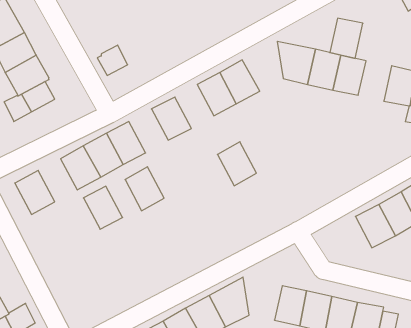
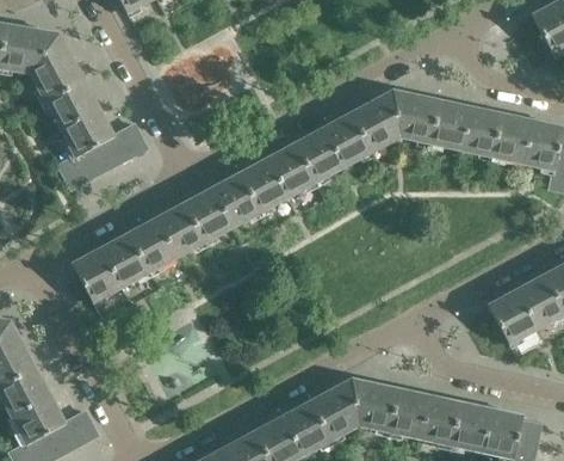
building: [330,18,363,58] -> [491,113,532,162]
building: none -> [349,90,399,150]
building: [97,45,128,75] -> [109,123,145,160]
building: [217,142,256,186] -> [267,142,315,196]
building: [125,167,164,211] -> [211,172,259,226]
building: [83,186,123,229] -> [100,233,148,285]
building: none -> [351,377,398,430]

